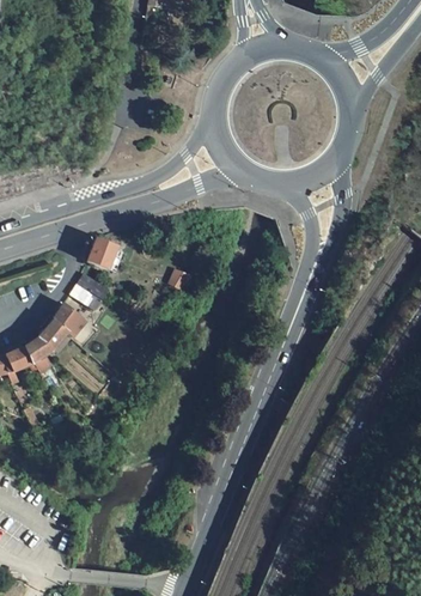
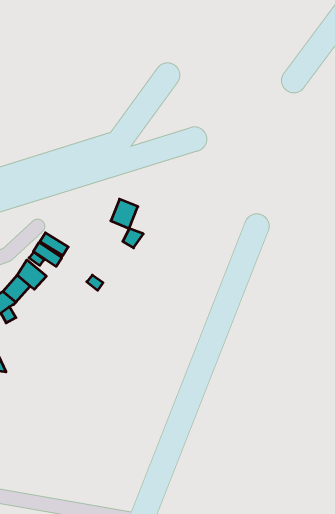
building: [86,237,116,269] -> [111,199,138,228]

